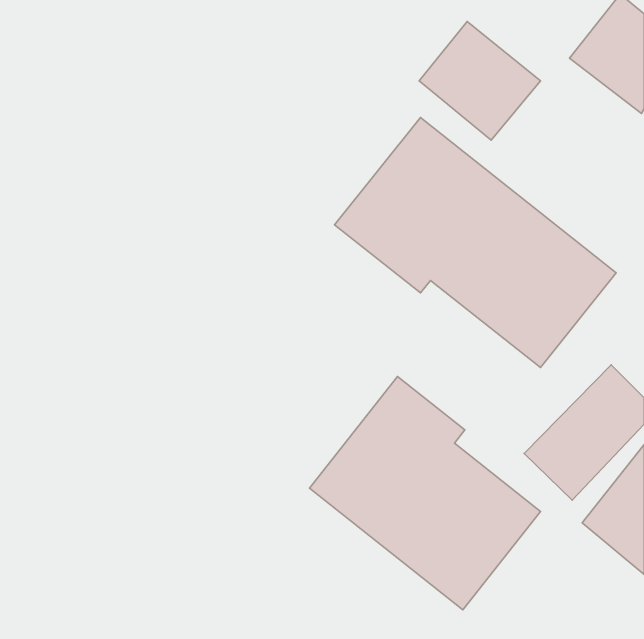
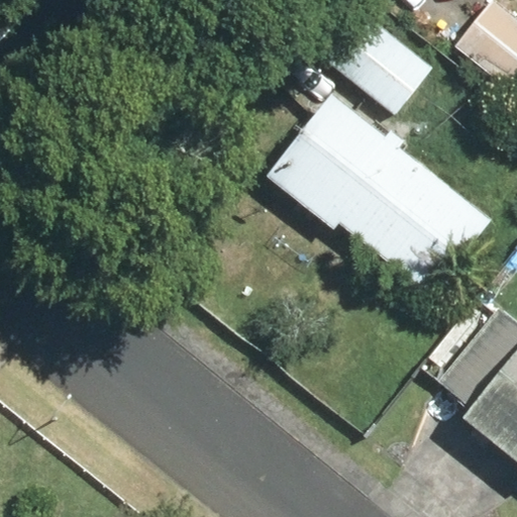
building: [309,376,541,610] -> none

